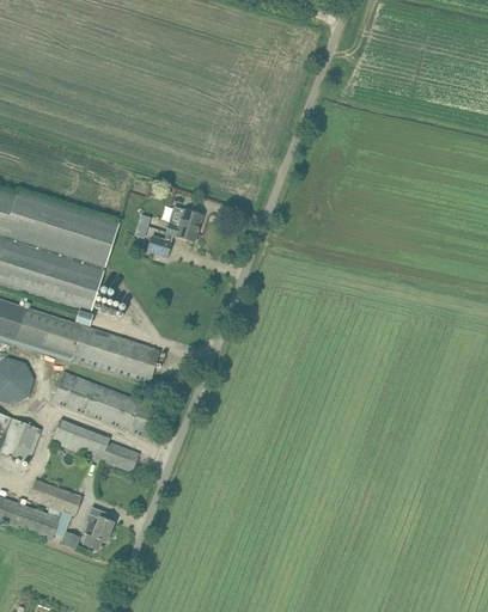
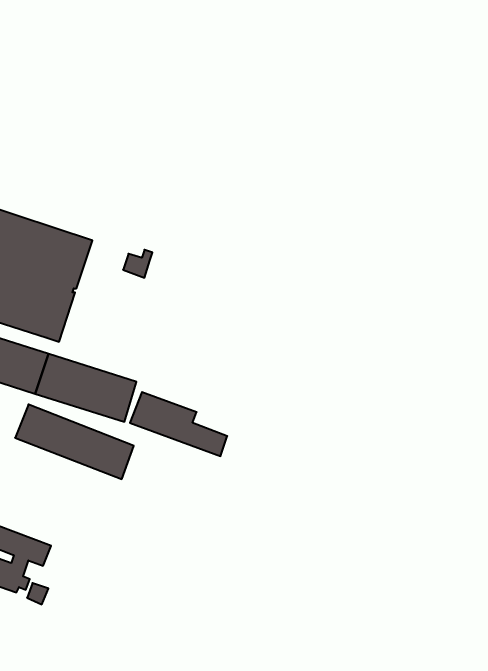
building: [167,207,205,241] -> none
building: [53,412,140,470] -> [130,392,227,456]
building: [84,506,115,549] -> none

